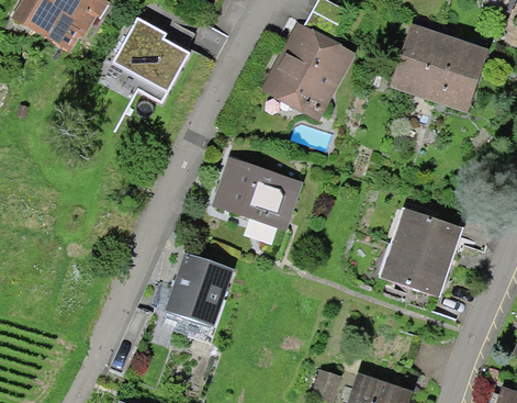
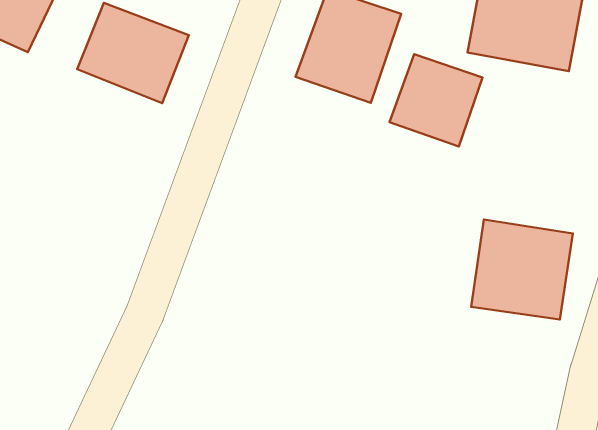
building: none -> [389,54,483,146]
building: [215,160,305,228] -> none
building: [164,251,237,327] -> none

